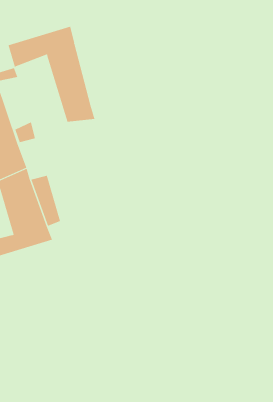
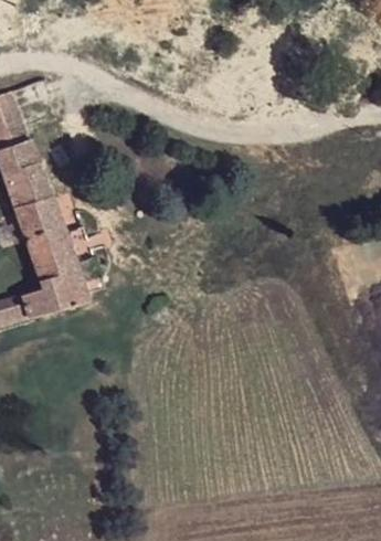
building: [8,26,95,123] -> none

